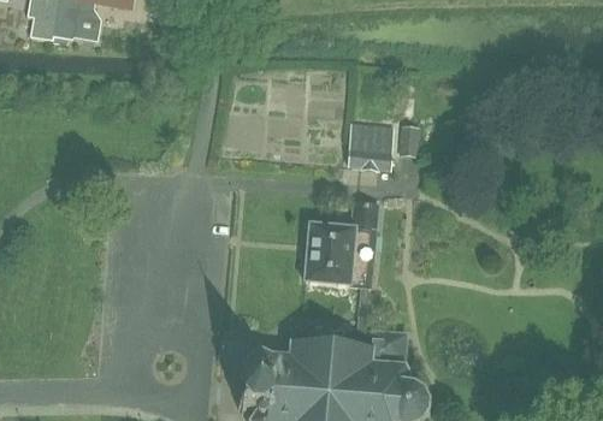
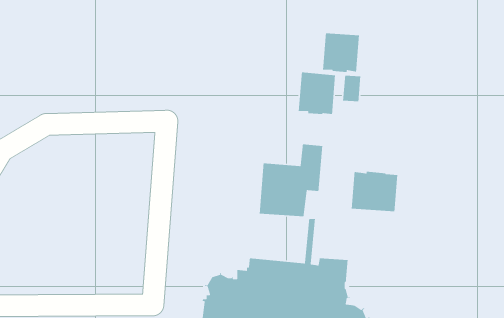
building: none -> [322,32,360,73]
building: none -> [351,171,398,212]

